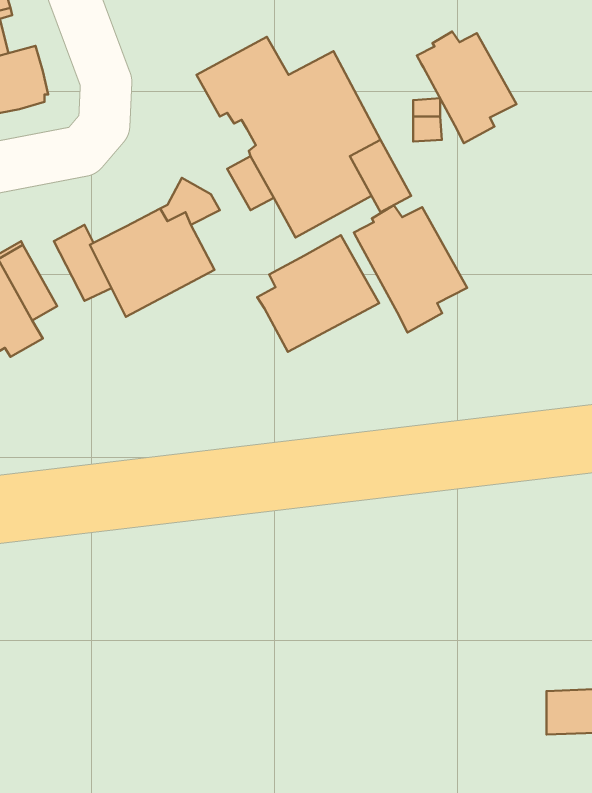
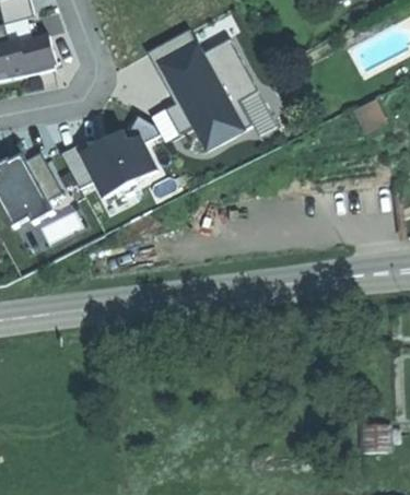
building: [417,32,516,143] -> none
building: [354,205,467,332] -> none
building: [257,235,379,352] -> none

